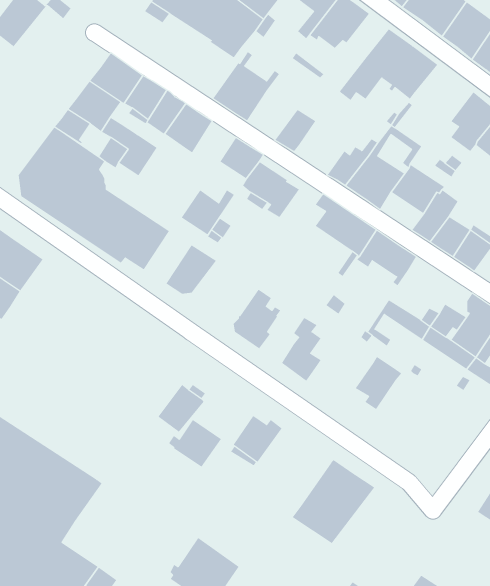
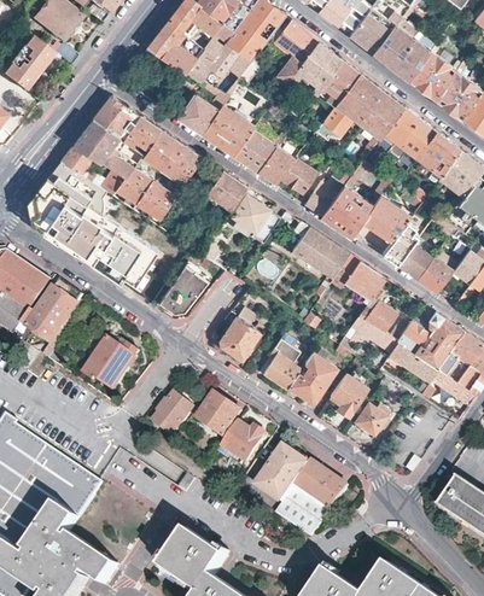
building: none -> [323,59,361,98]
building: none -> [177,89,234,135]
building: none -> [384,105,437,156]
building: none -> [234,128,279,173]
building: none -> [281,156,319,193]
building: [181,189,235,235] -> [136,180,185,221]
building: none -> [22,287,86,343]
building: none -> [361,290,398,332]
building: none -> [84,327,140,390]
building: none -> [290,351,338,405]
building: none -> [357,402,391,433]
building: [168,419,222,467] -> [193,392,241,436]
building: none -> [257,445,309,502]

